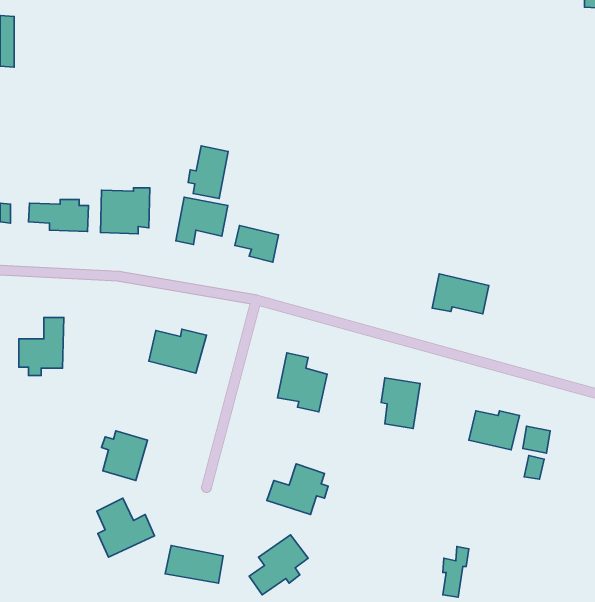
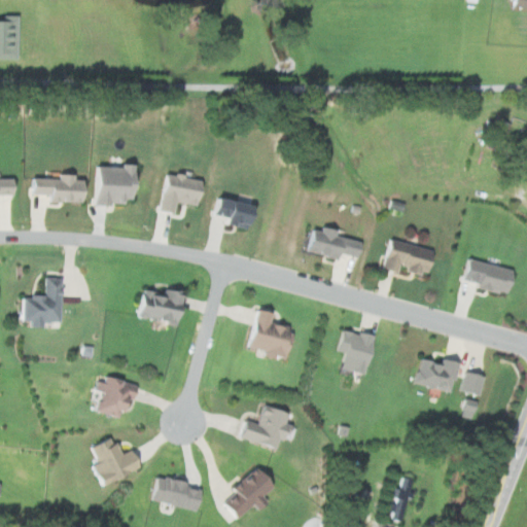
building: [188,146,228,198] -> none
building: none -> [307,225,360,259]
building: none -> [464,259,515,293]

